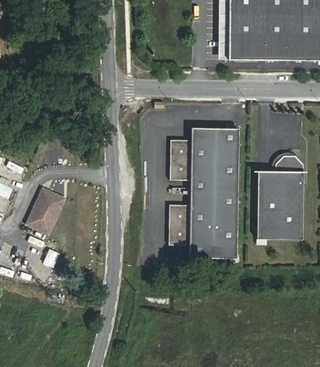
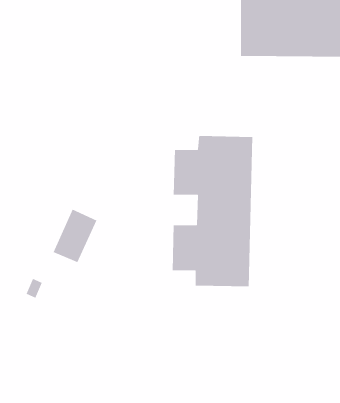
building: [255,156,302,245] -> none
building: [27,186,66,233] -> [52,209,98,263]

